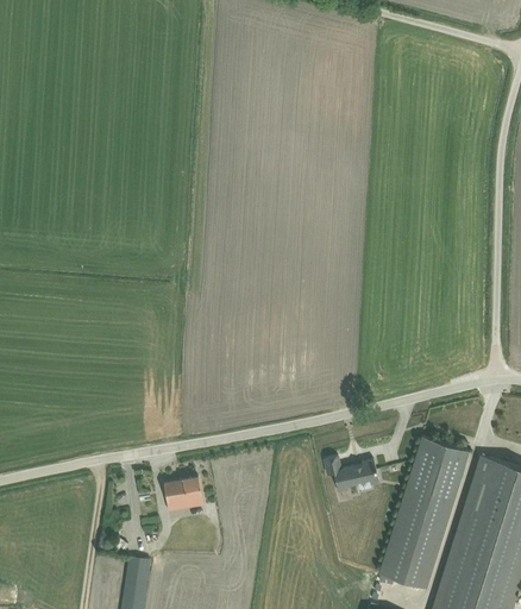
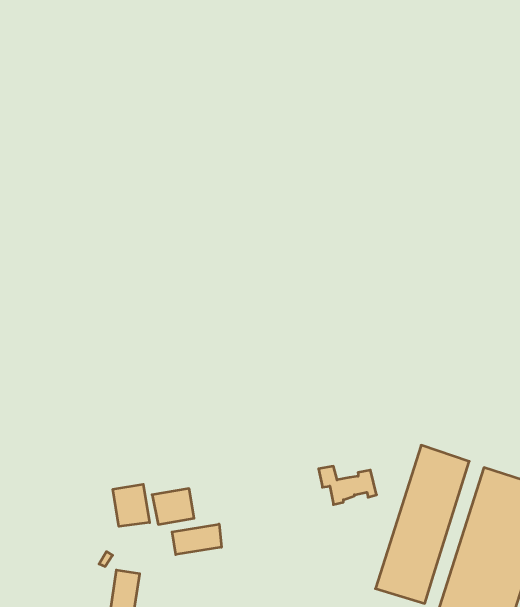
building: none -> [113,484,150,526]
building: none -> [172,524,221,555]

